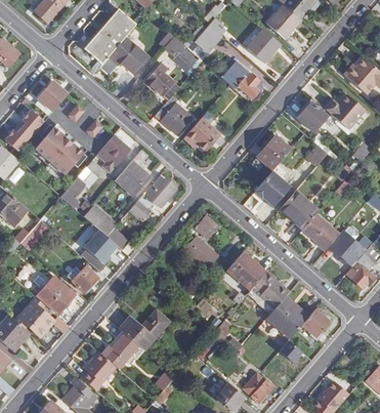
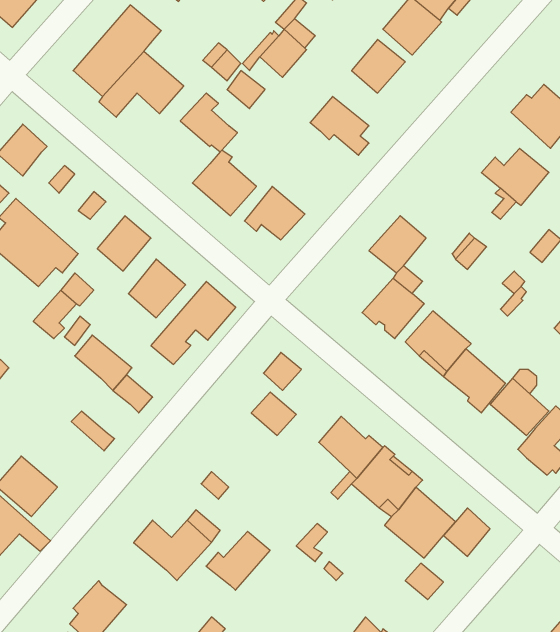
building: [296,101,327,132] -> none
building: [85,231,117,263] -> none
building: [72,265,98,293] -> none
building: [100,333,138,368] -> [206,531,270,590]

